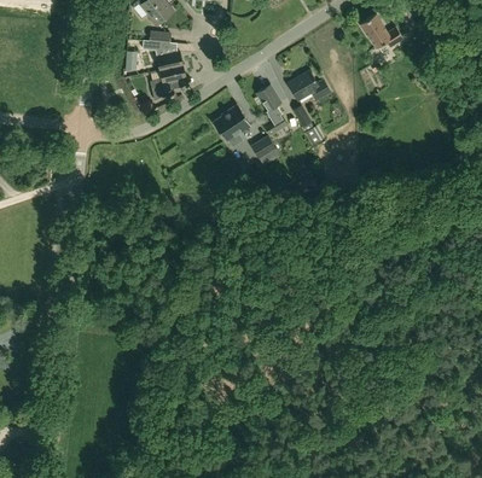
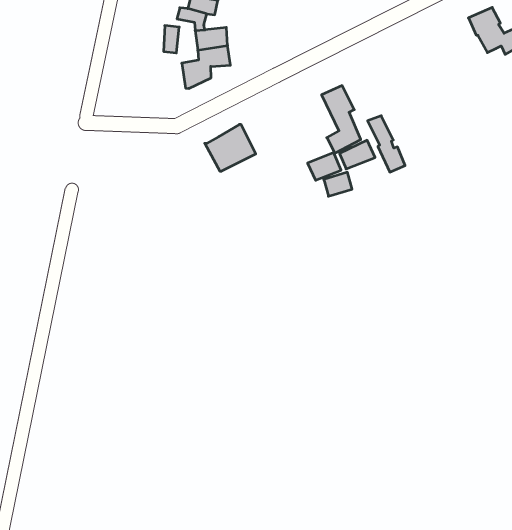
building: [288,70,330,99] -> none
building: [211,104,250,140] -> [205,124,256,171]

